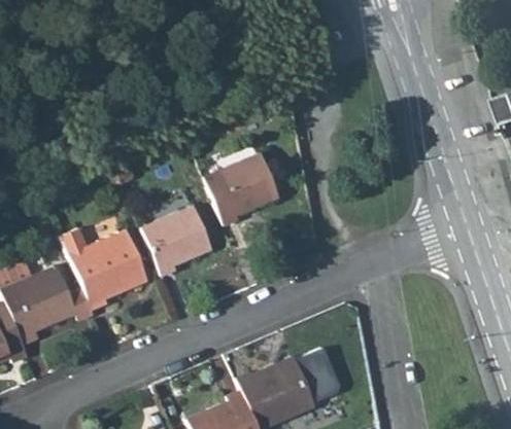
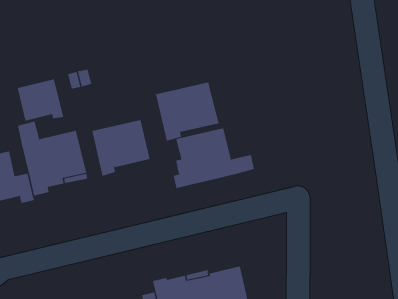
building: none -> [17,78,64,122]
building: none -> [173,128,255,189]

